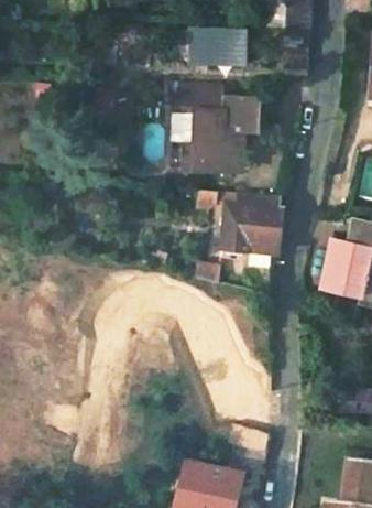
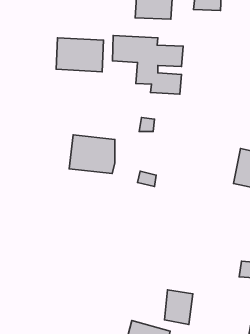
building: none -> [56,38,103,72]
building: [217,206,278,259] -> [69,135,115,174]

